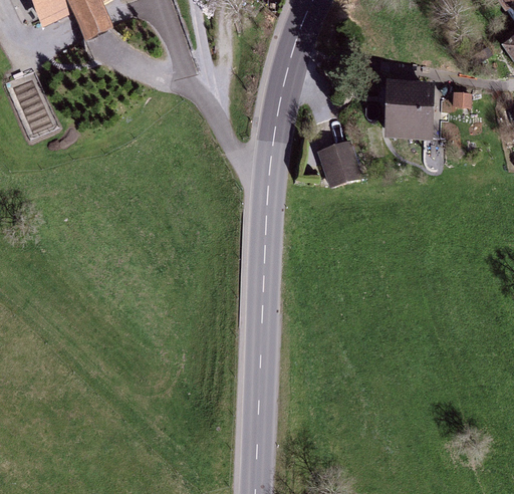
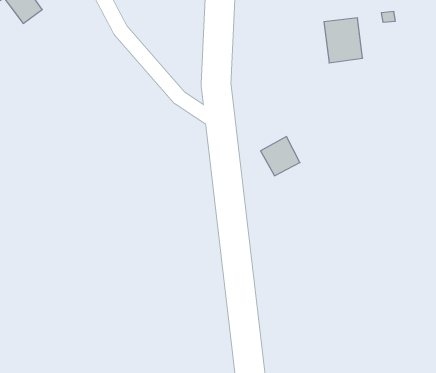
building: [320,144,358,182] -> [261,137,300,176]

